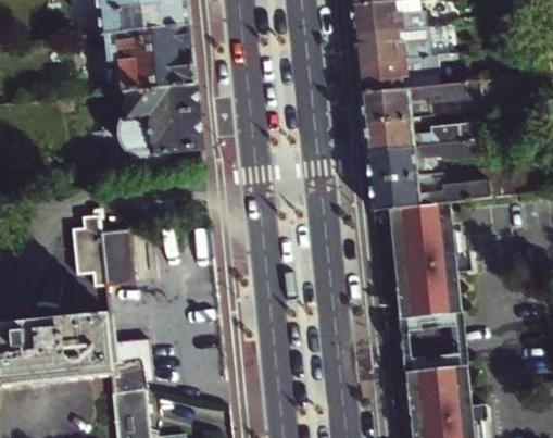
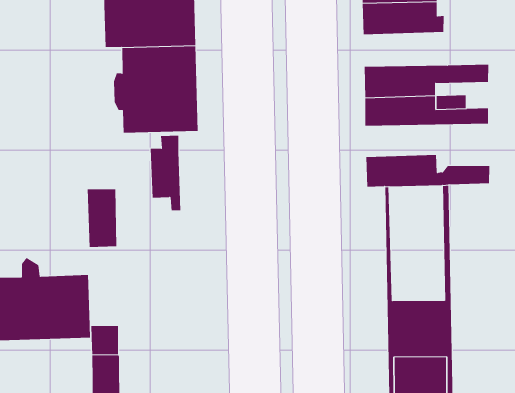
building: [355,49,456,90] -> none
building: [364,136,486,177] -> none
building: [392,199,454,314] -> none
building: [73,213,108,287] -> [150,135,181,211]

